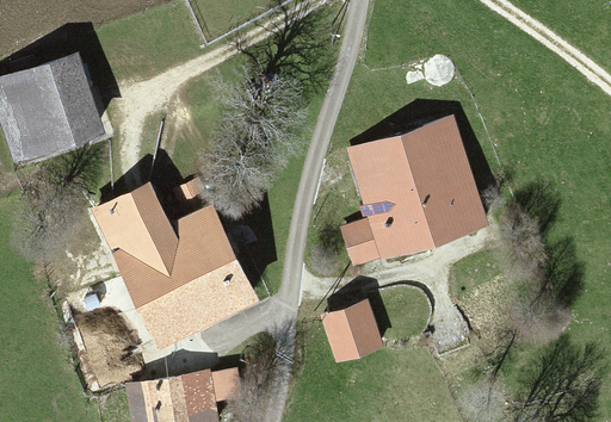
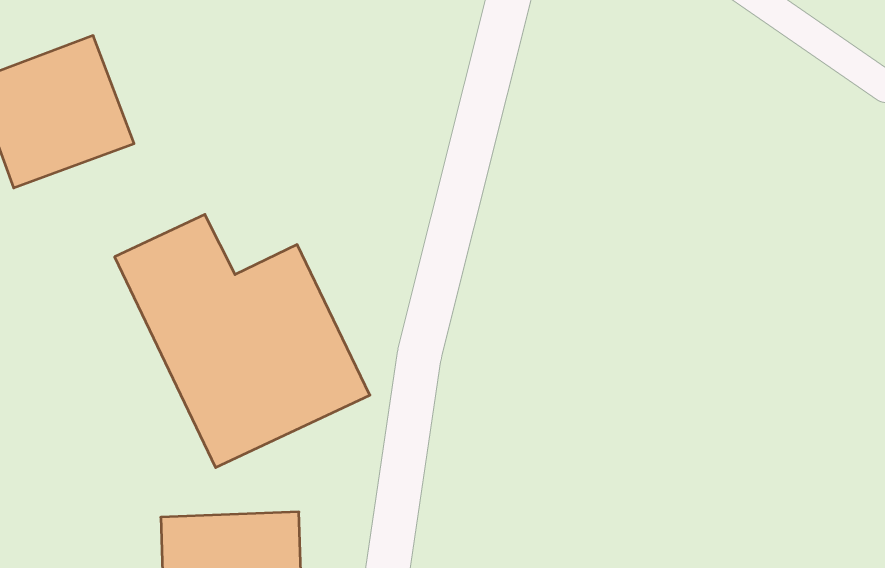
building: [346,111,490,273] -> none
building: [321,303,381,365] -> none

